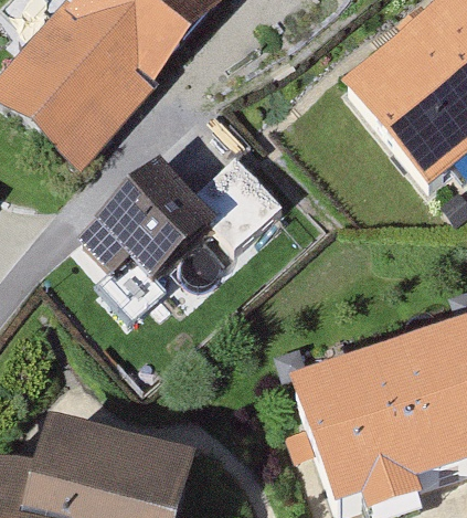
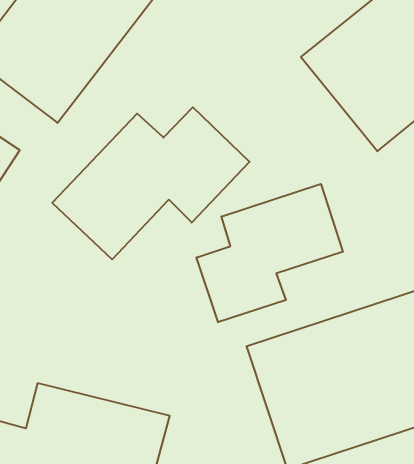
building: none -> [196,184,343,322]

